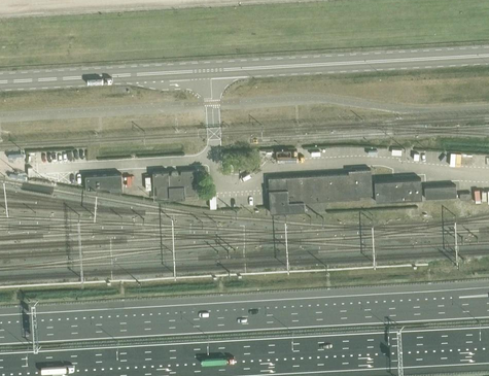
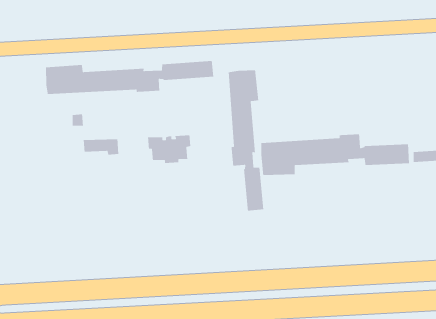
building: none -> [45,60,214,95]
building: none -> [228,69,264,211]

